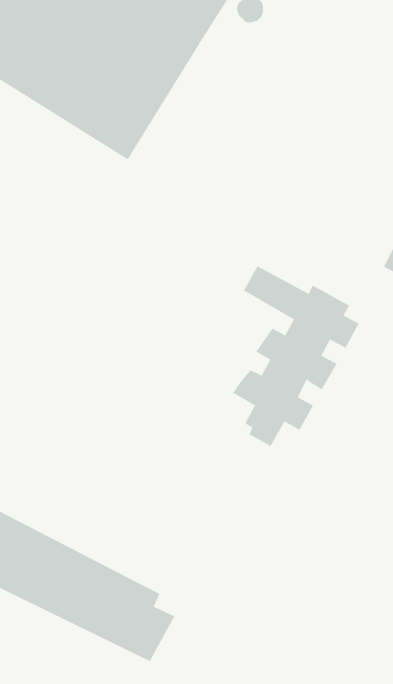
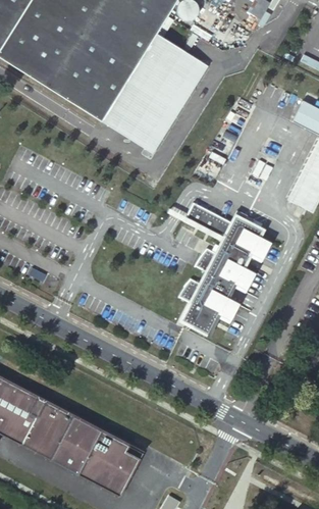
building: none -> [102,33,211,155]

